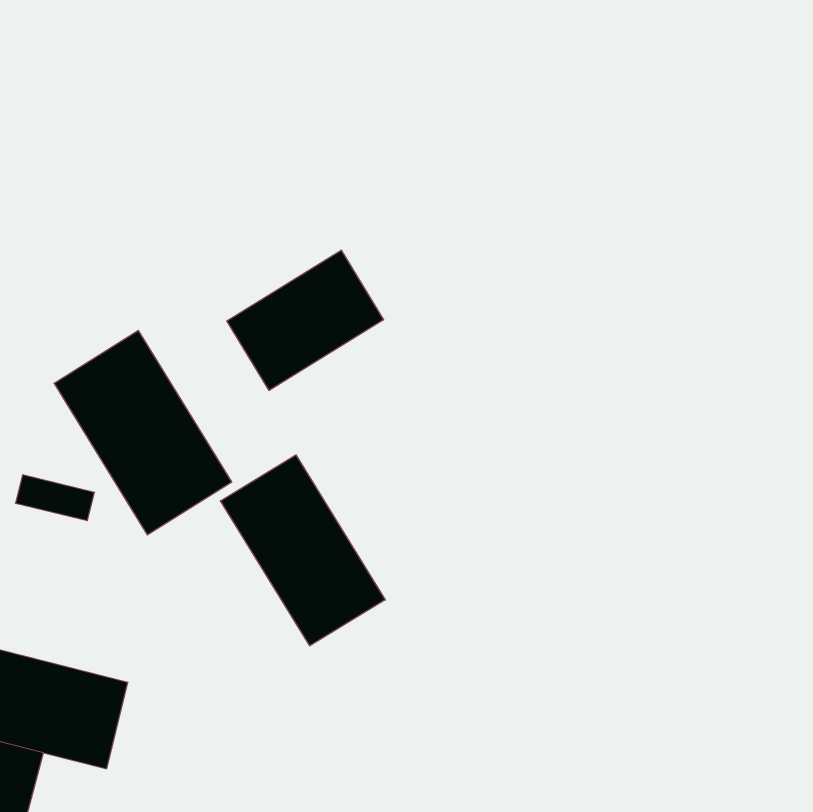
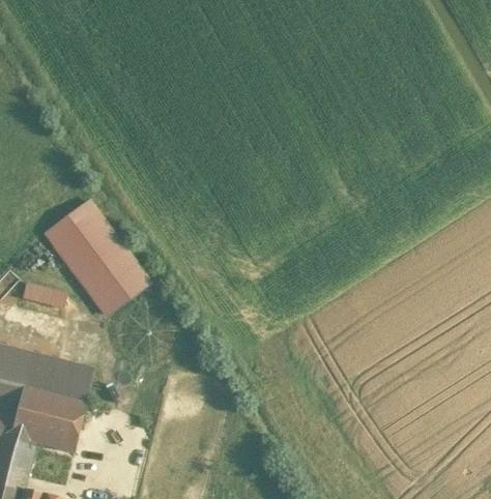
building: [227,250,384,390] -> none
building: [220,455,385,646] -> none

